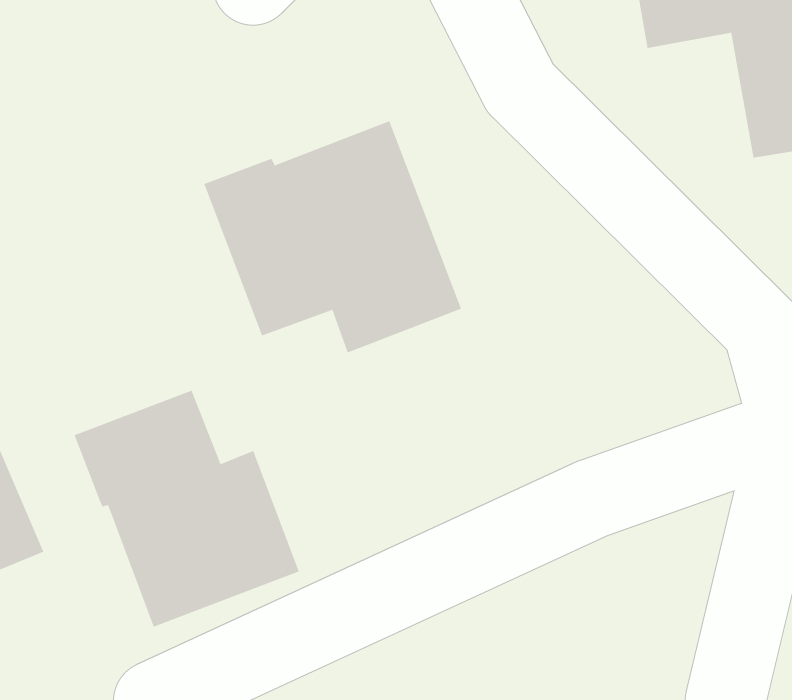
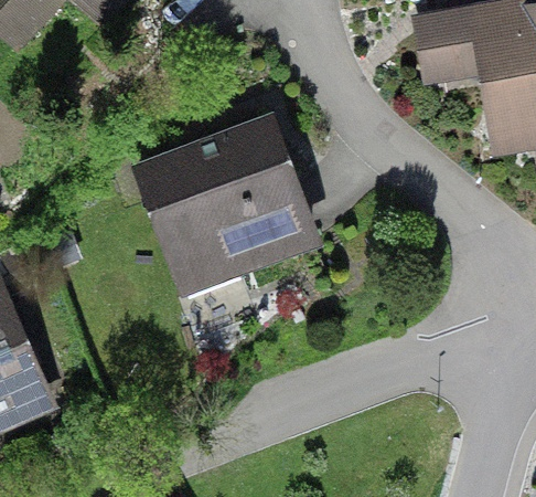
building: [74,390,299,628] -> none

